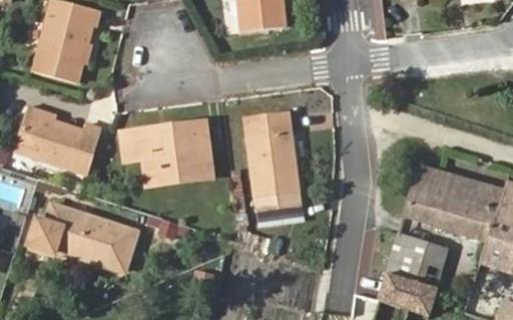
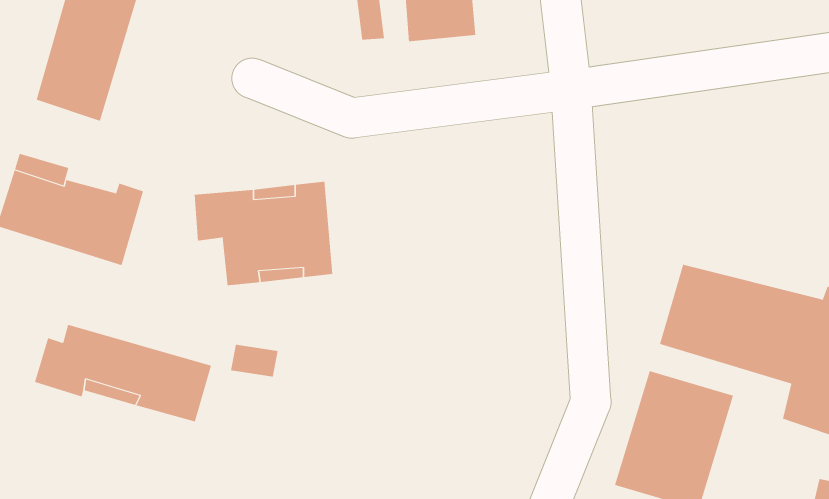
building: [244,112,297,211] -> none

